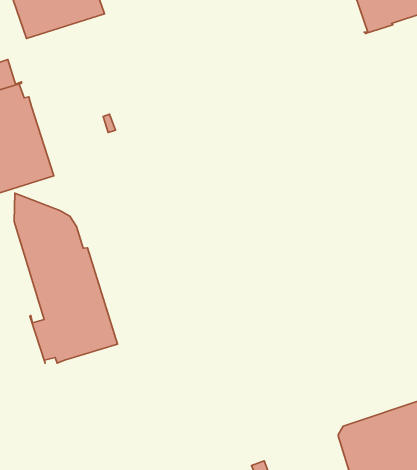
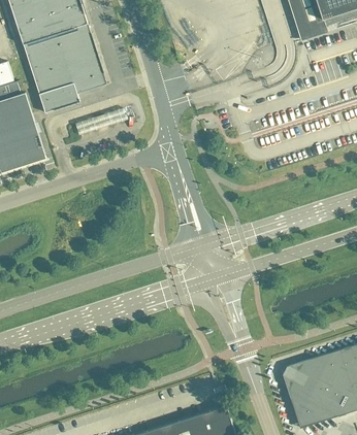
building: none -> [23,23,106,112]
building: [14,193,118,363] -> none

